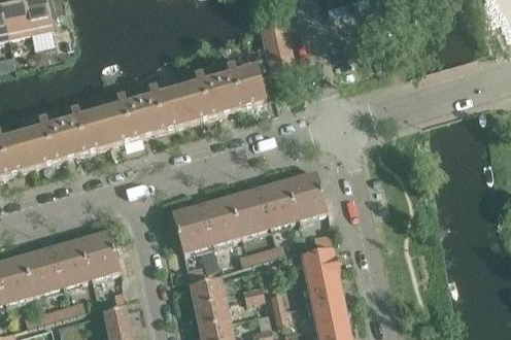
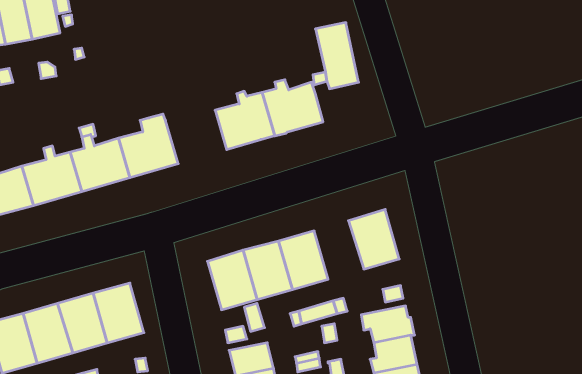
building: [138,89,188,134] -> none
building: [259,180,299,228] -> none

